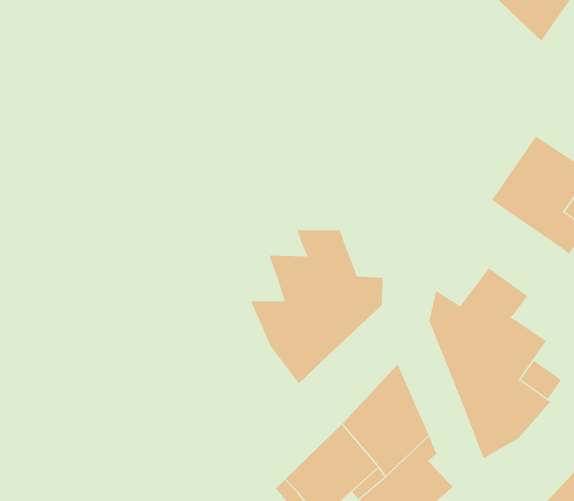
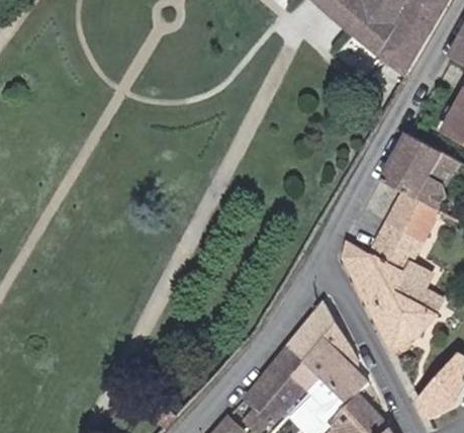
building: none -> [381,193,429,244]
building: [250,229,383,384] -> none

